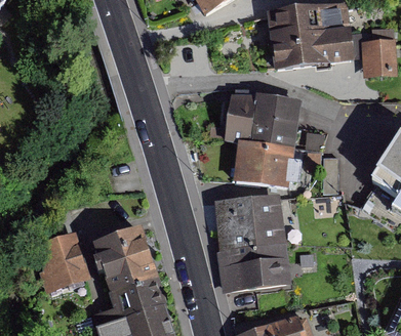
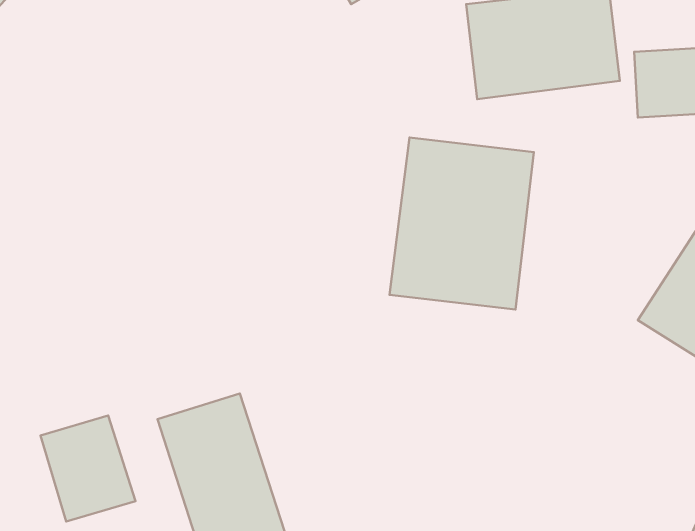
building: [215,198,289,287] -> none

